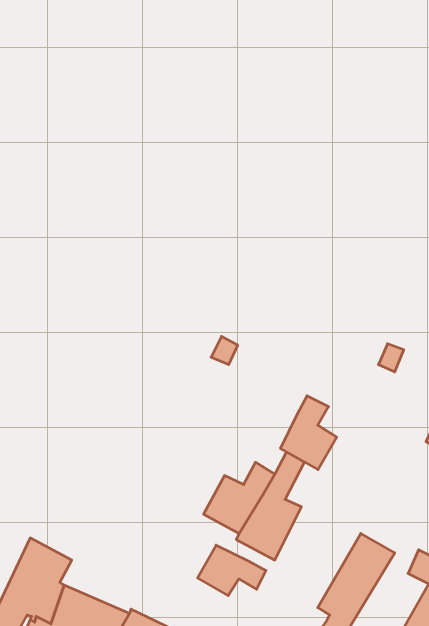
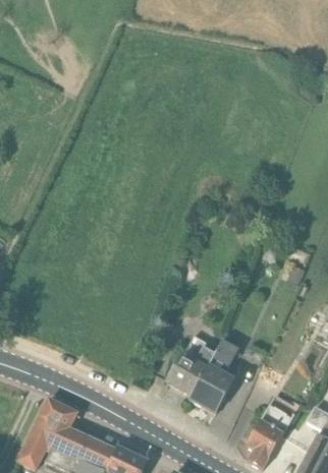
building: [281,396,337,470] -> none
building: [198,545,266,596] -> none

